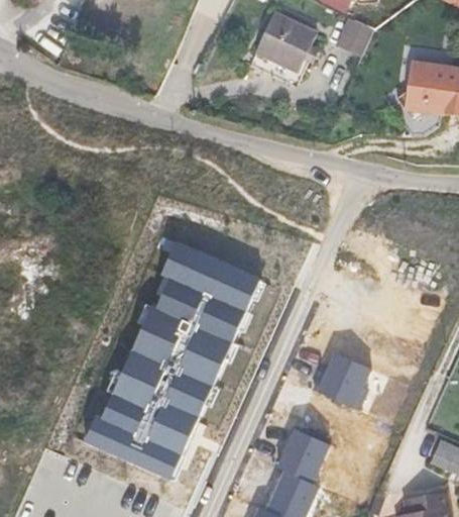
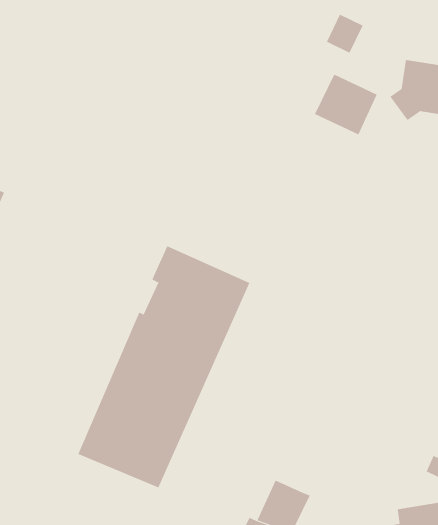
building: [253,12,315,72] -> [314,74,378,135]
building: [311,352,368,410] -> none
building: [275,428,327,483] -> none

